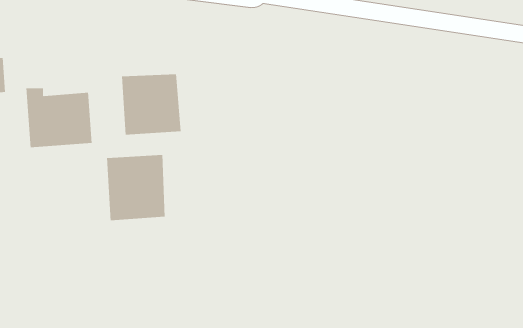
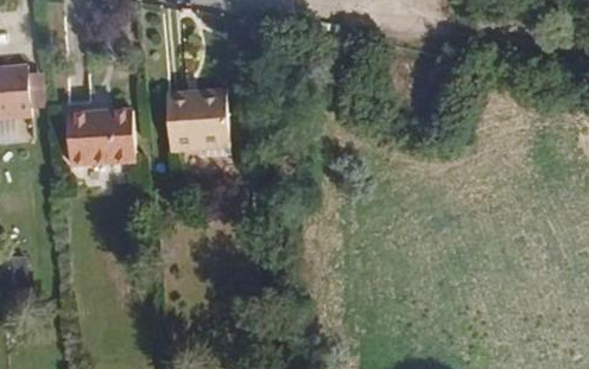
building: [107,154,165,221] -> none

